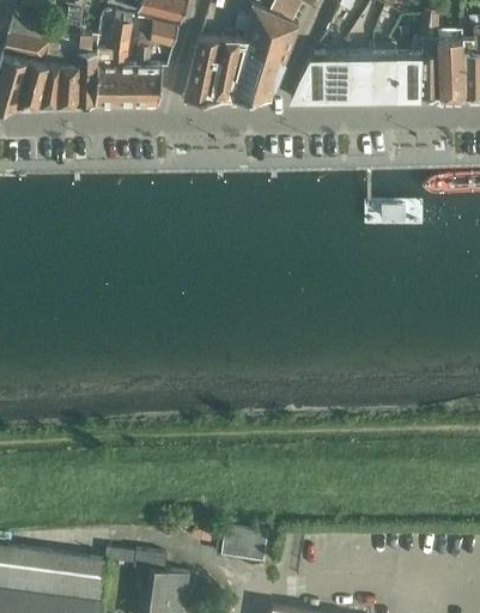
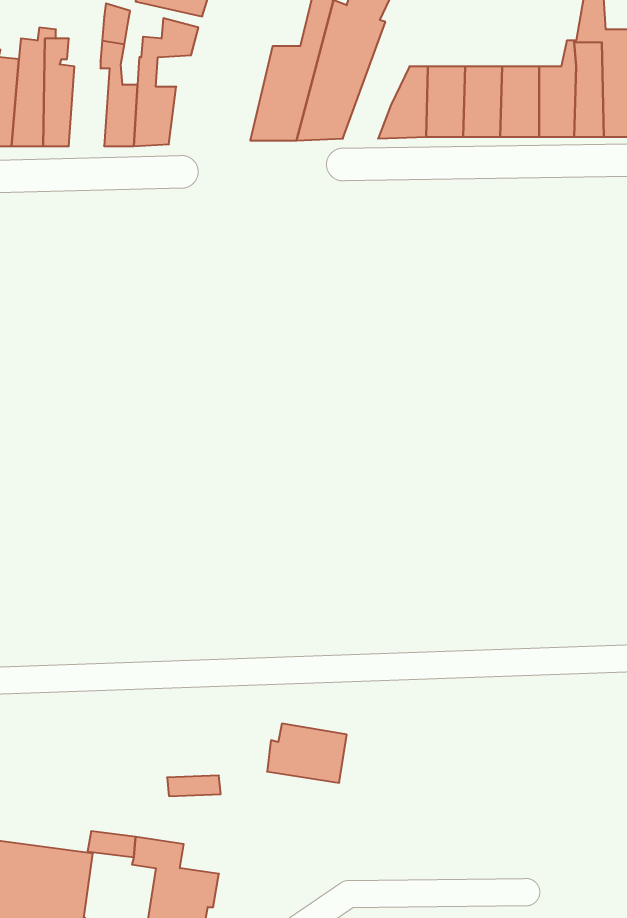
building: [182,41,224,103] -> none
building: [92,49,119,105] -> none
building: [215,526,267,564] -> [267,724,347,783]

